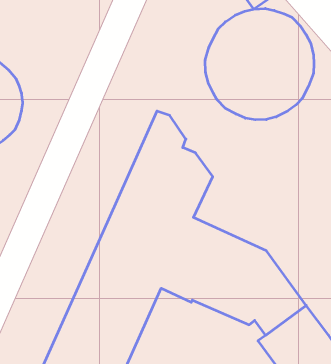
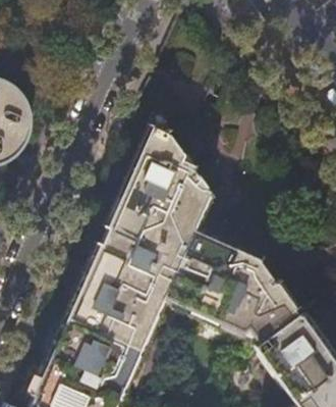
building: [205,8,314,120] -> none

